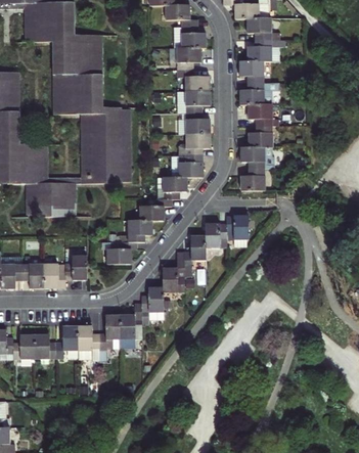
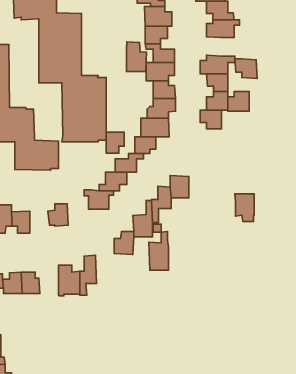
building: [238,61,264,84] -> [235,59,257,78]
building: none -> [127,42,147,72]
building: [239,168,264,190] -> [228,92,249,111]
building: none -> [106,132,124,153]
building: [225,215,248,246] -> [235,194,254,221]
building: [43,263,65,288] -> none
building: [119,302,141,347] -> [149,231,168,270]
building: [53,325,76,358] -> none

